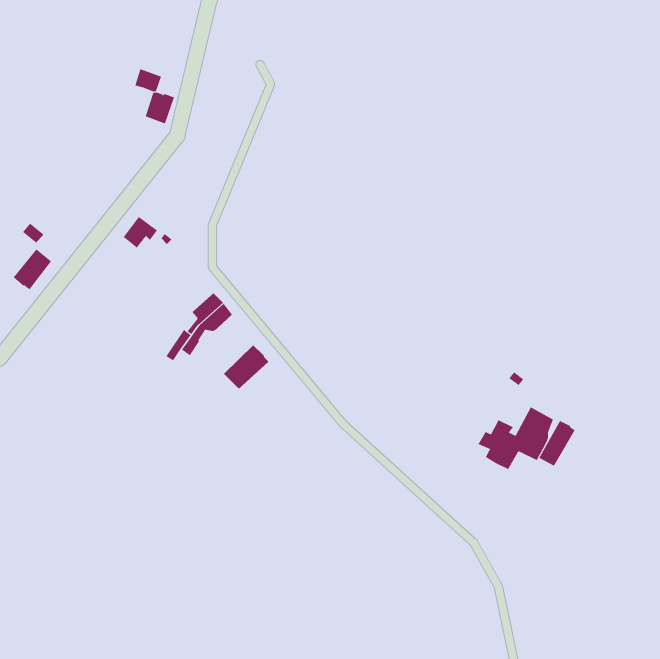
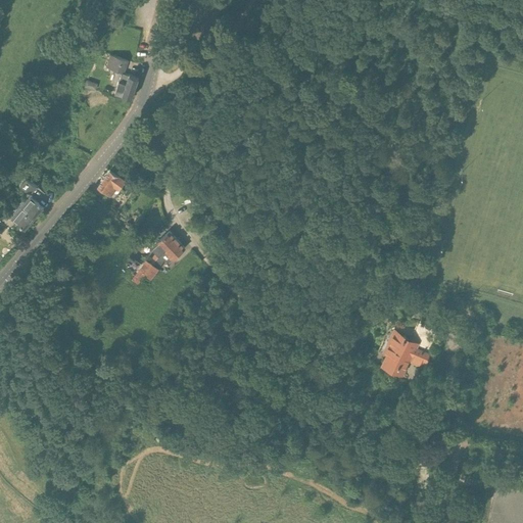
building: [223,345,269,390] -> none
building: [539,420,576,467] -> none

